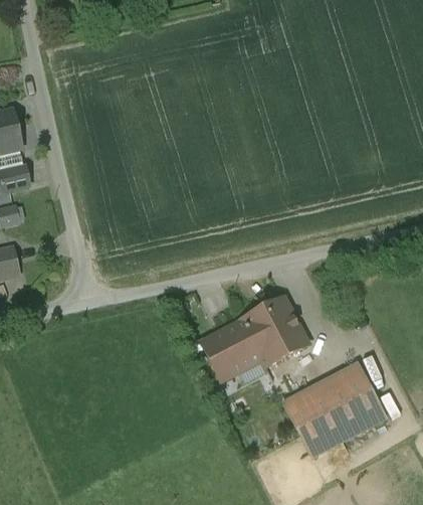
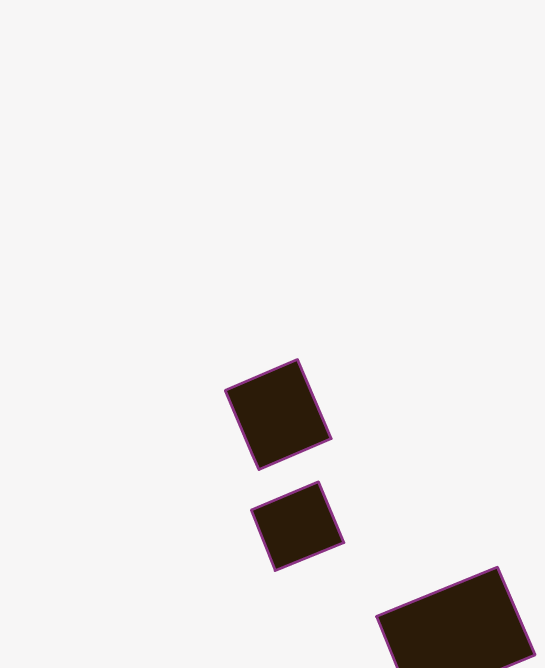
building: [241,295,309,365] -> [225,360,331,470]

